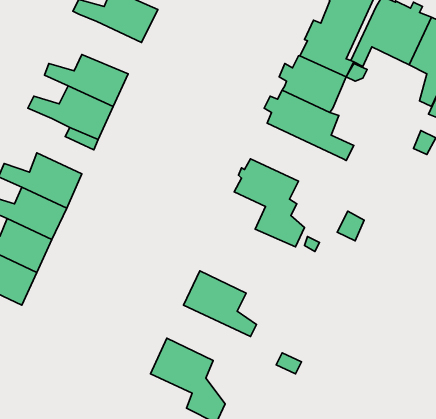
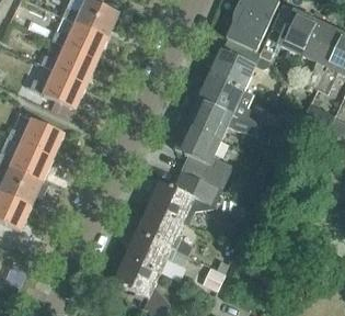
building: none -> [46,18,107,61]
building: none -> [185,98,255,140]
building: none -> [150,172,221,225]
building: none -> [126,232,187,272]

